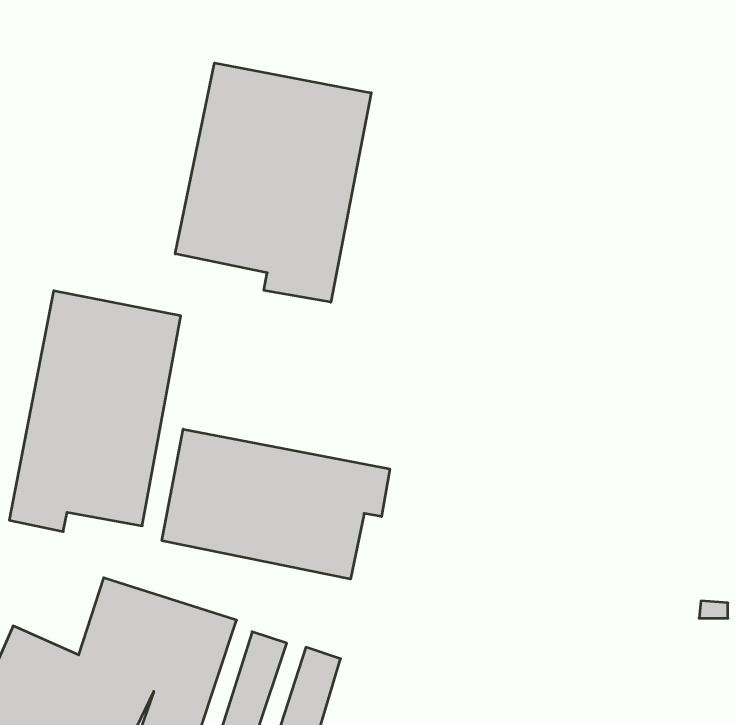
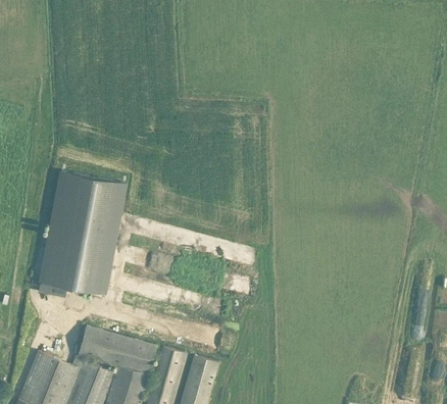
building: [175,63,371,302] -> none
building: [162,429,390,579] -> none

